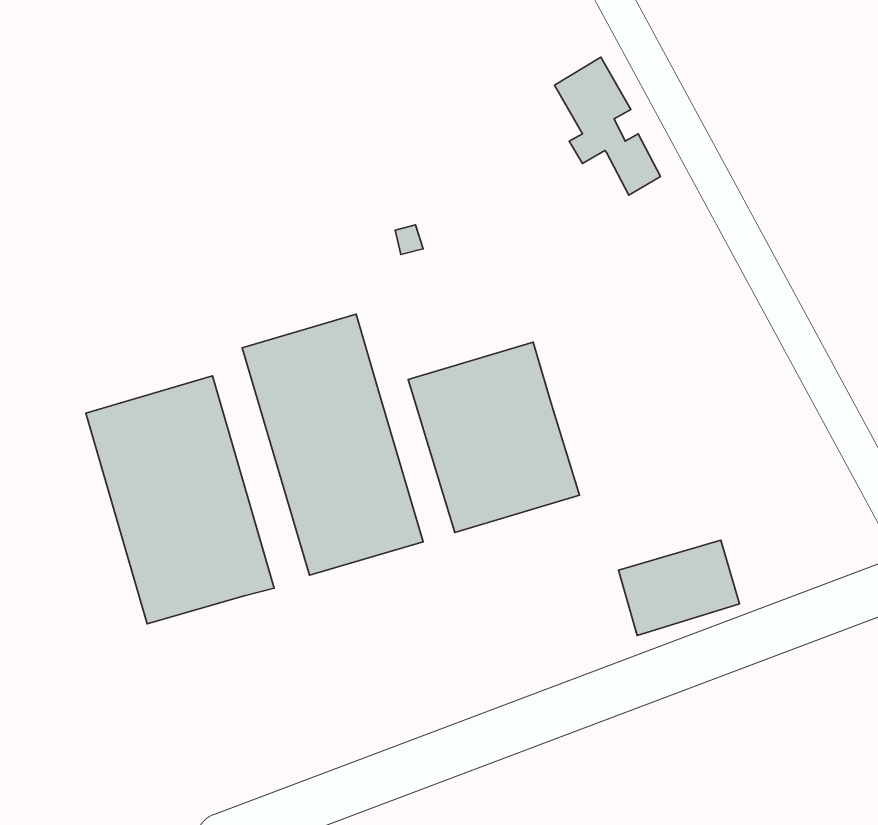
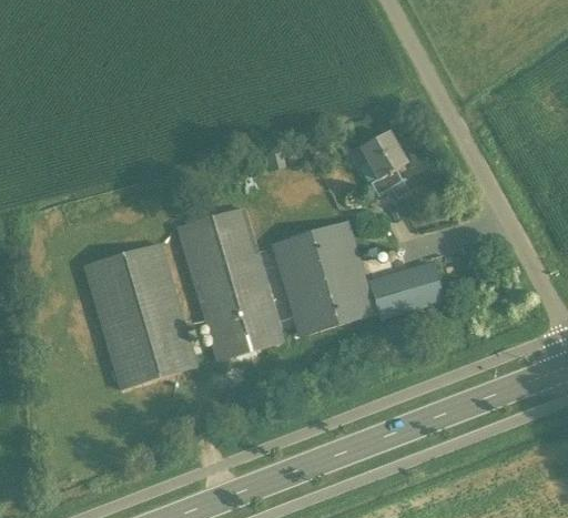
building: [554,57,661,195] -> [361,132,424,214]
building: [618,540,740,635] -> [372,262,444,318]

